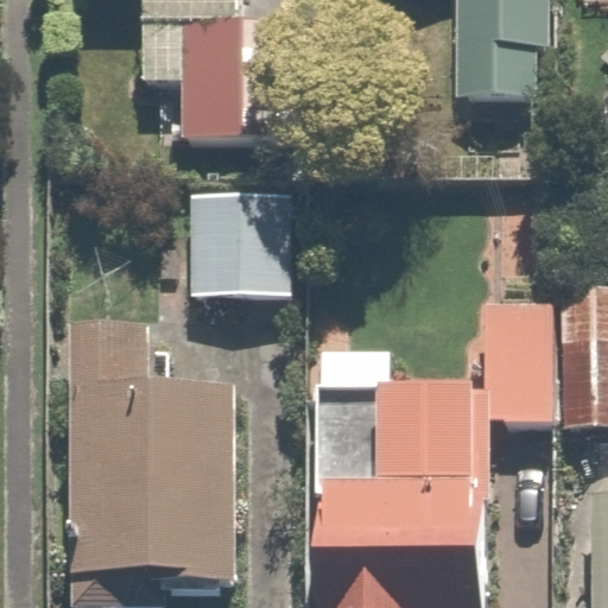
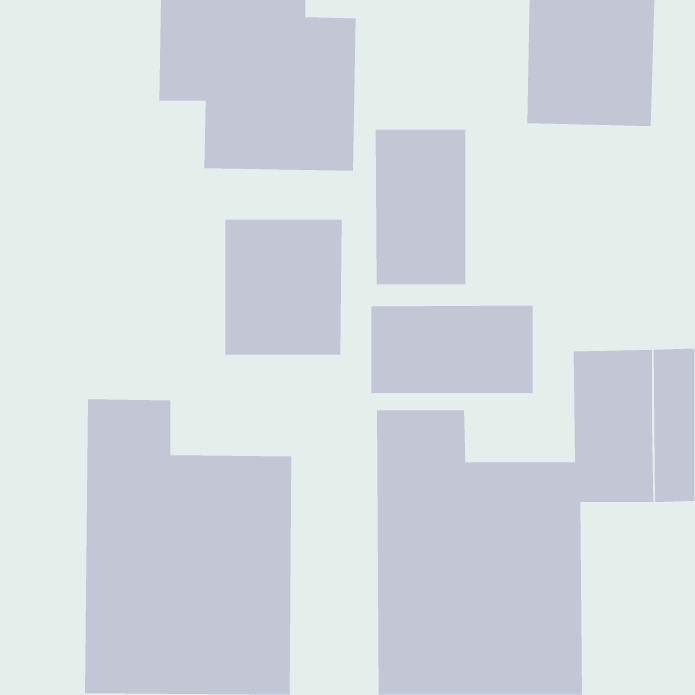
building: none -> [375,129,466,285]
building: none -> [371,305,533,394]

